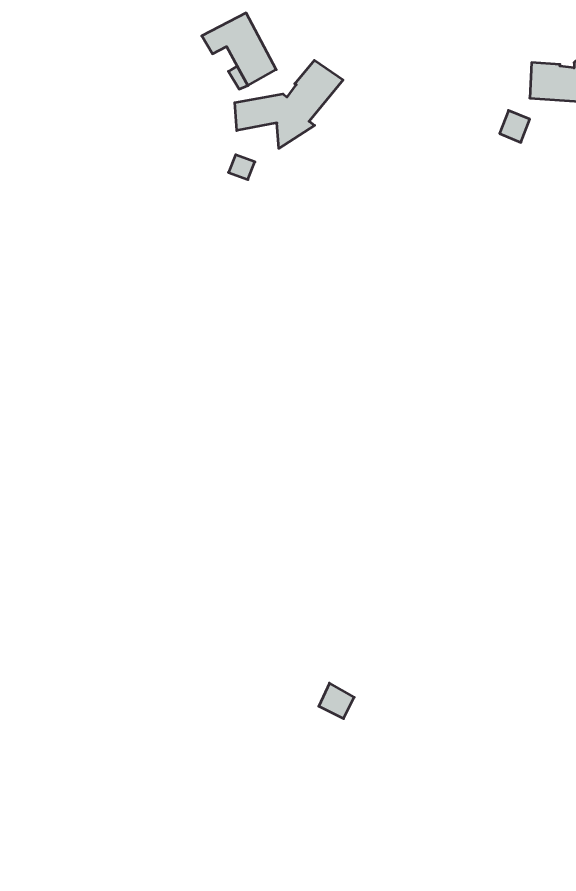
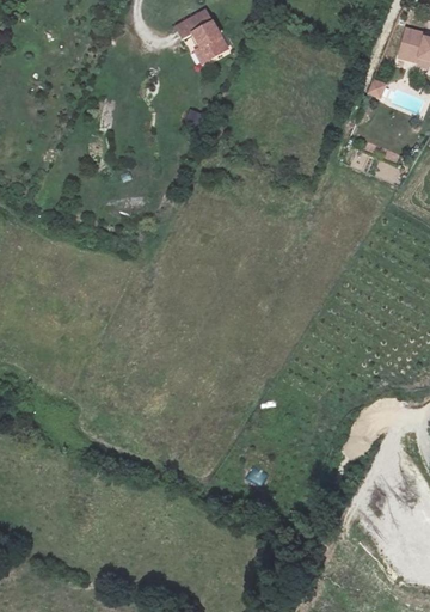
building: [235,60,343,148] -> none

